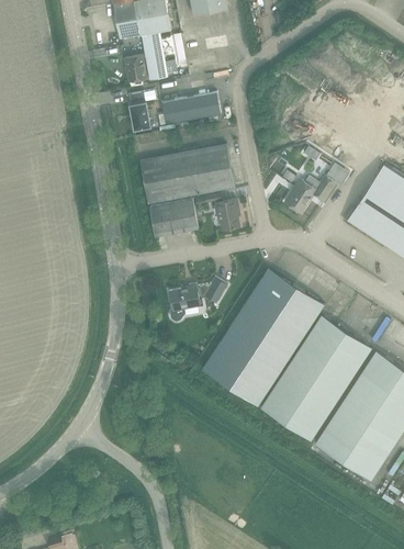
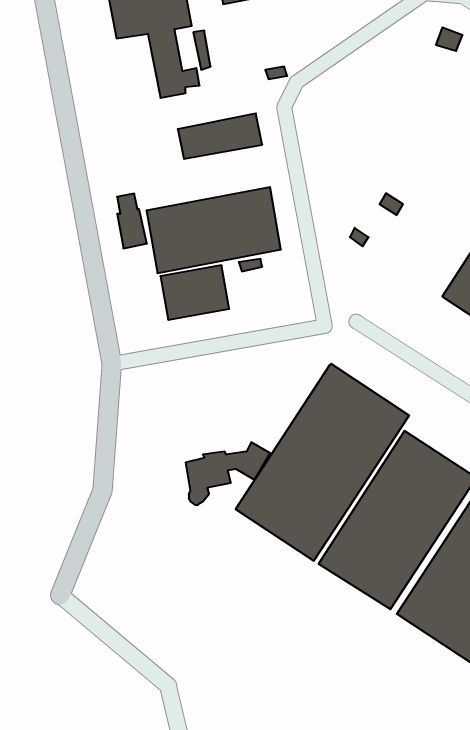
building: [124,56,146,82] -> none
building: [130,92,150,131] -> [117,194,147,248]
building: [284,163,347,214] -> none
building: [214,200,238,229] -> none
building: [168,278,227,322] -> [186,442,270,505]

